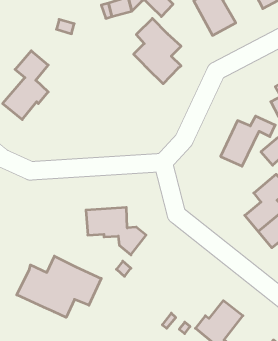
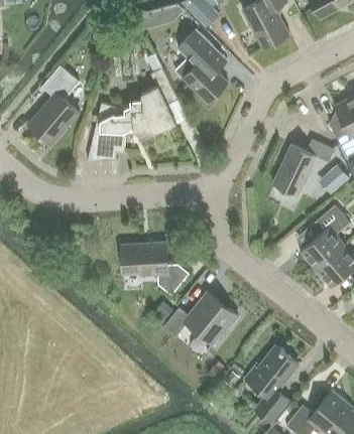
building: none -> [87,67,178,160]
building: none -> [162,291,238,343]
building: [17,256,101,317] -> none

